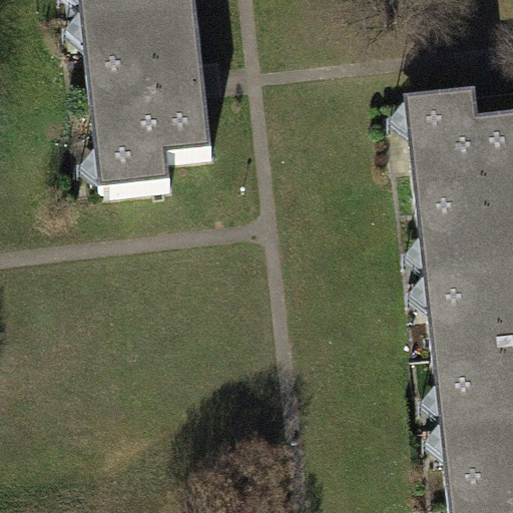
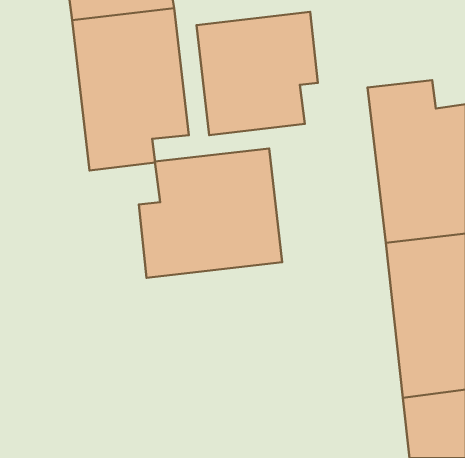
building: none -> [196,12,318,135]
building: none -> [139,148,282,278]

